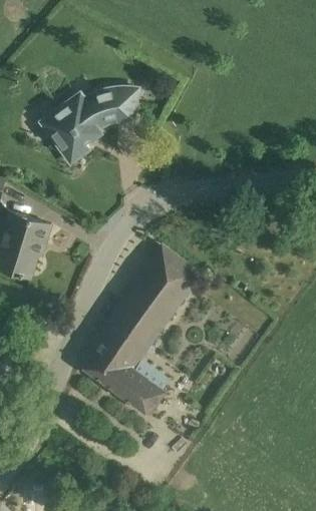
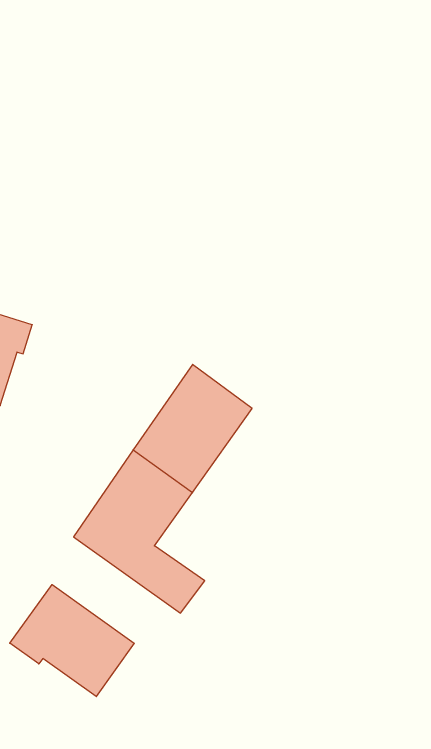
building: [49,87,138,162] -> none
building: none -> [10,585,134,697]

